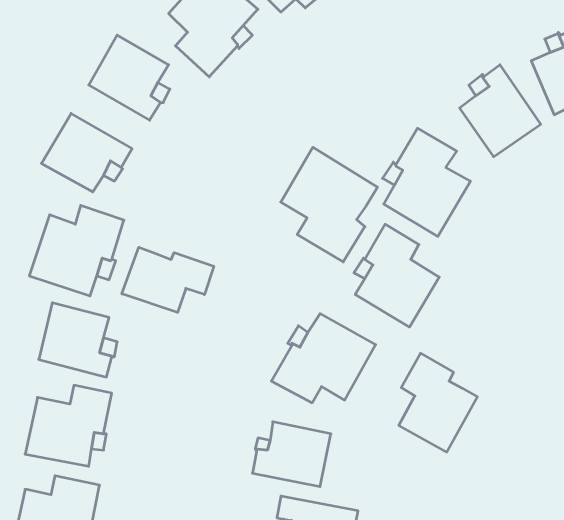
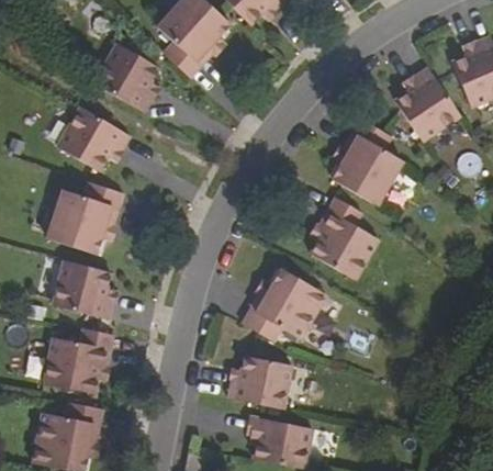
building: [281,147,377,262] -> none
building: [122,247,214,312] -> none
building: [399,353,477,452] -> none

